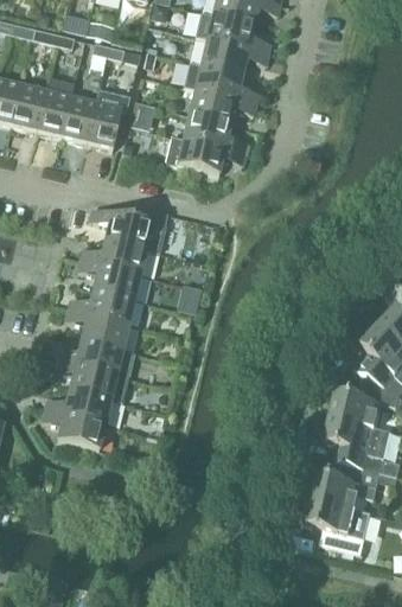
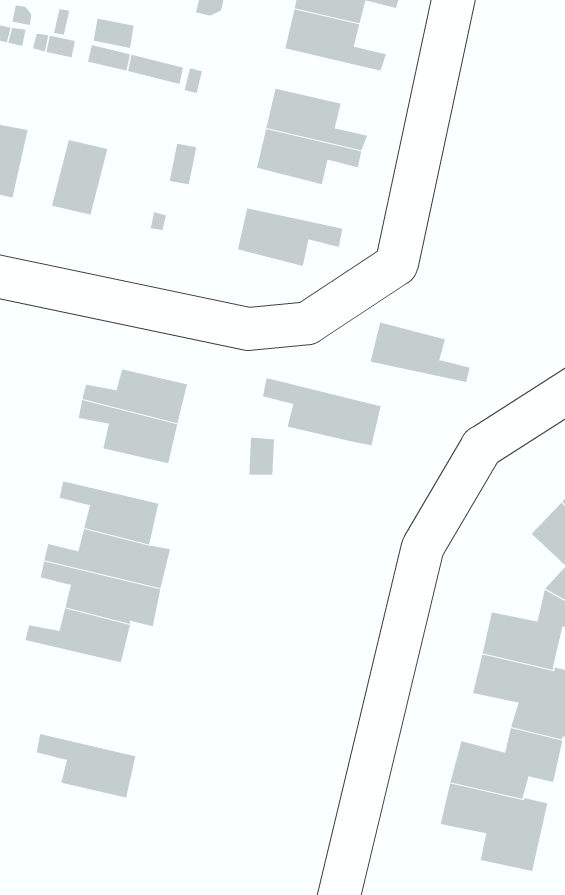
building: [200,39,267,74] -> none
building: [85,89,129,149] -> none
building: [37,90,71,138] -> none
building: [183,114,245,152] -> [370,322,471,383]
building: [89,209,164,251] -> [262,378,382,446]
building: [68,289,134,324] -> none
building: [42,409,104,449] -> [36,734,136,798]

